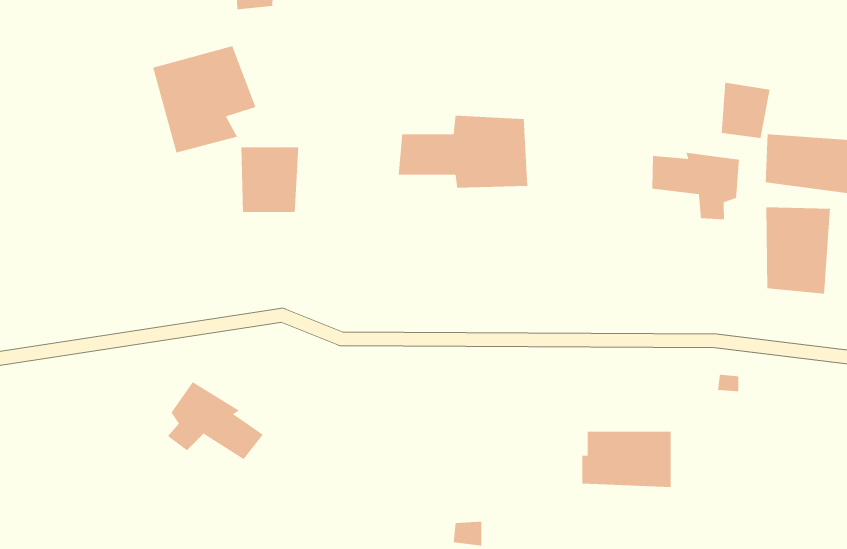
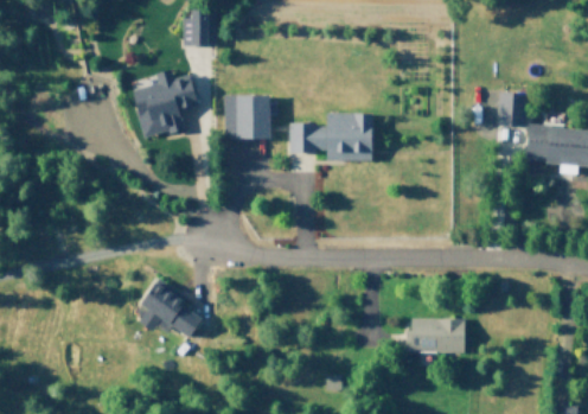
building: [240,147,299,213] -> [235,95,273,138]
building: [652,152,740,220] -> none
building: [766,206,831,294] -> none

